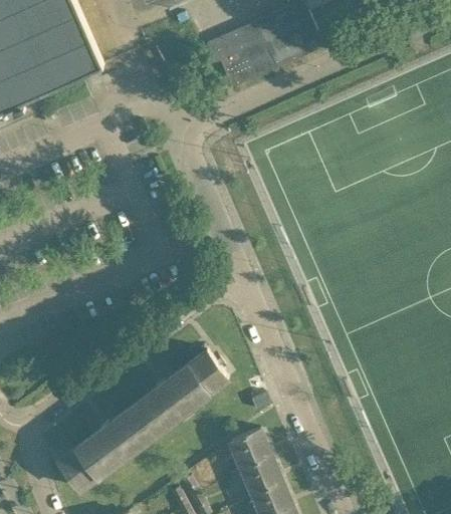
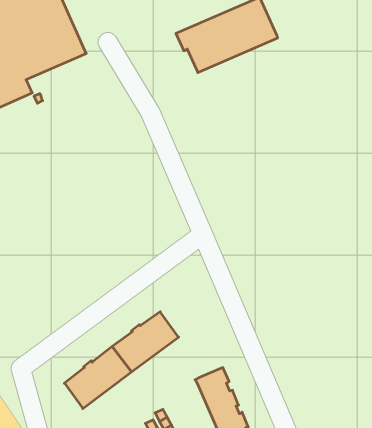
building: [188,348,228,392] -> none
building: [58,445,98,488] -> none

